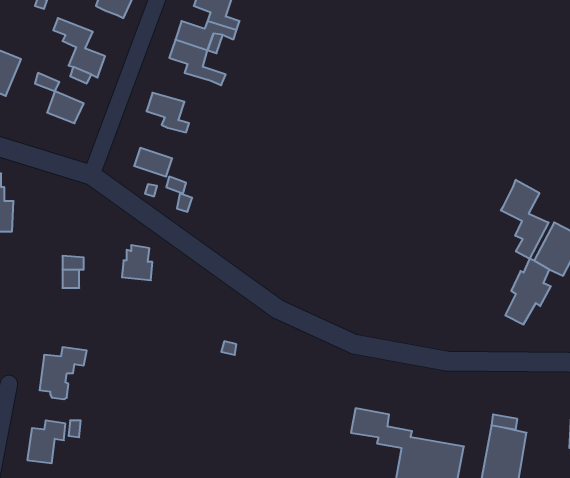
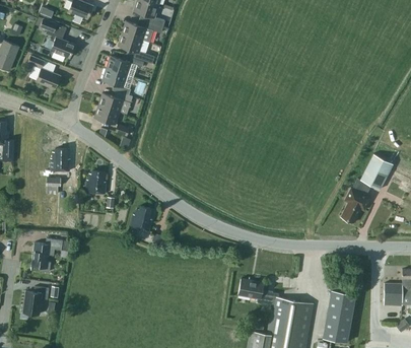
building: none -> [106,55,144,75]
building: none -> [97,92,132,113]
building: [501,180,549,259] -> none
building: none -> [50,149,69,171]
building: none -> [130,207,151,231]

